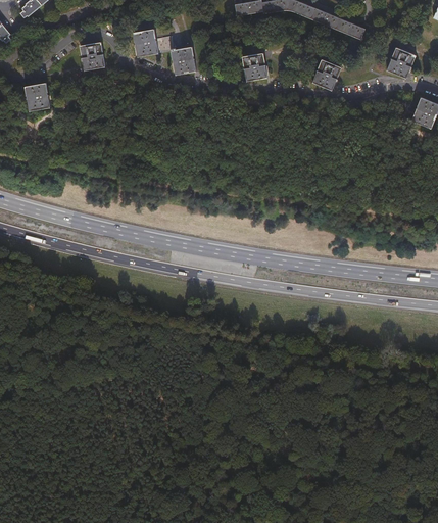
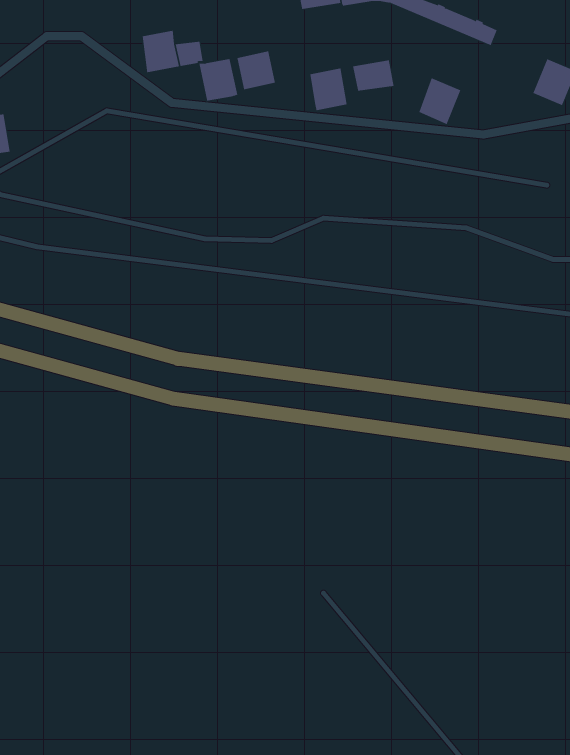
building: none -> [237,50,275,90]
building: [80,42,104,69] -> none
building: none -> [353,60,394,92]

